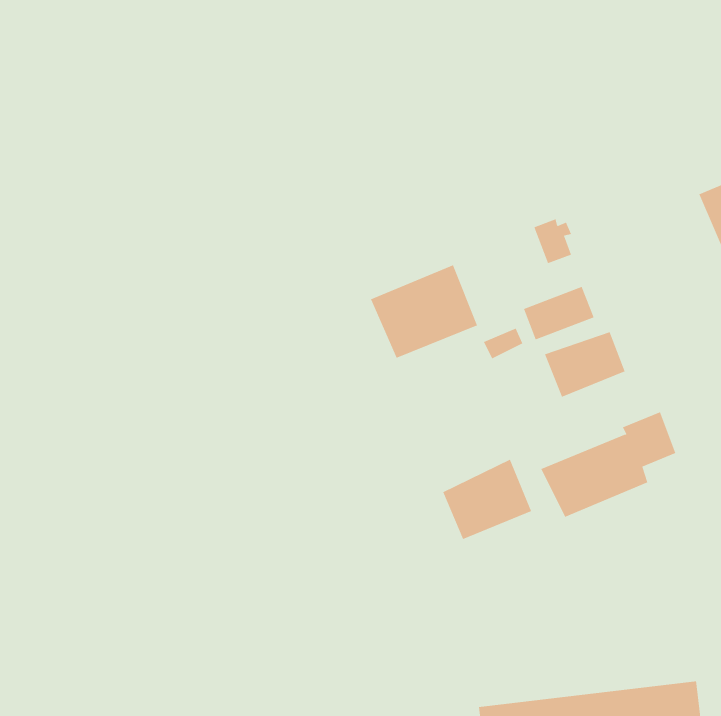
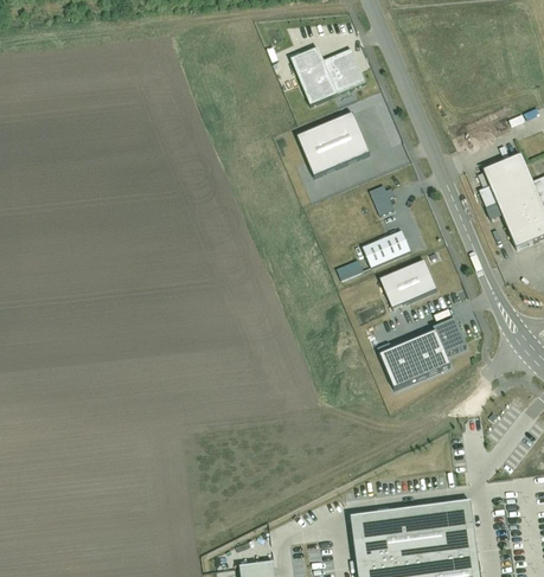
building: none -> [288,46,364,104]
building: [370,265,478,358] -> [300,113,373,177]
building: [442,459,532,540] -> none

